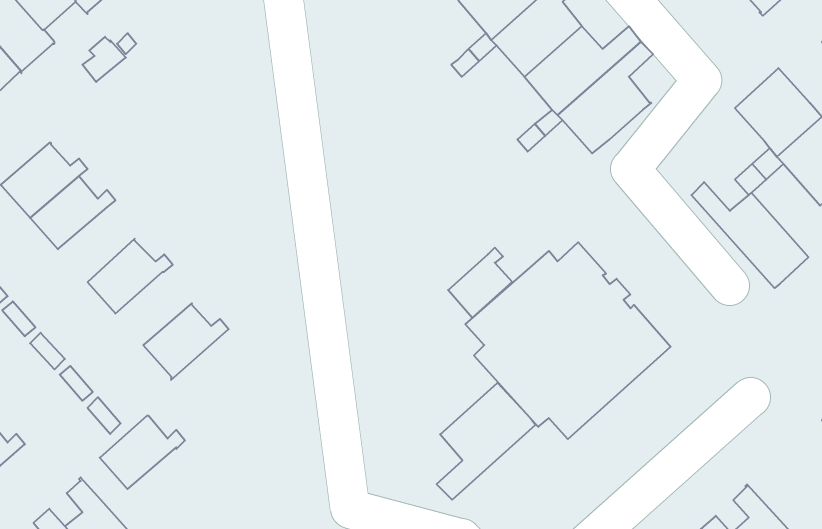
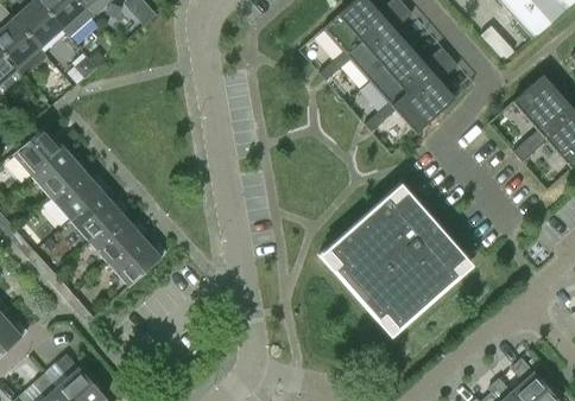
building: [691,182,808,288] -> none
building: none -> [51,170,109,221]
building: [448,248,512,318] -> none
building: [437,383,536,500] -> none
building: [100,416,185,489] -> [90,214,149,263]

